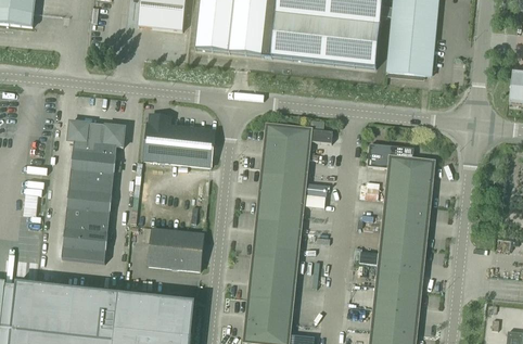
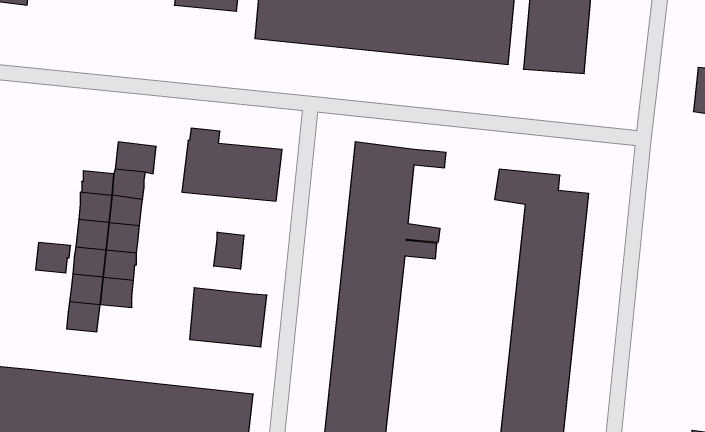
building: [67,120,98,146] -> none
building: none -> [214,232,244,269]
building: [82,240,107,262] -> [36,243,71,273]

